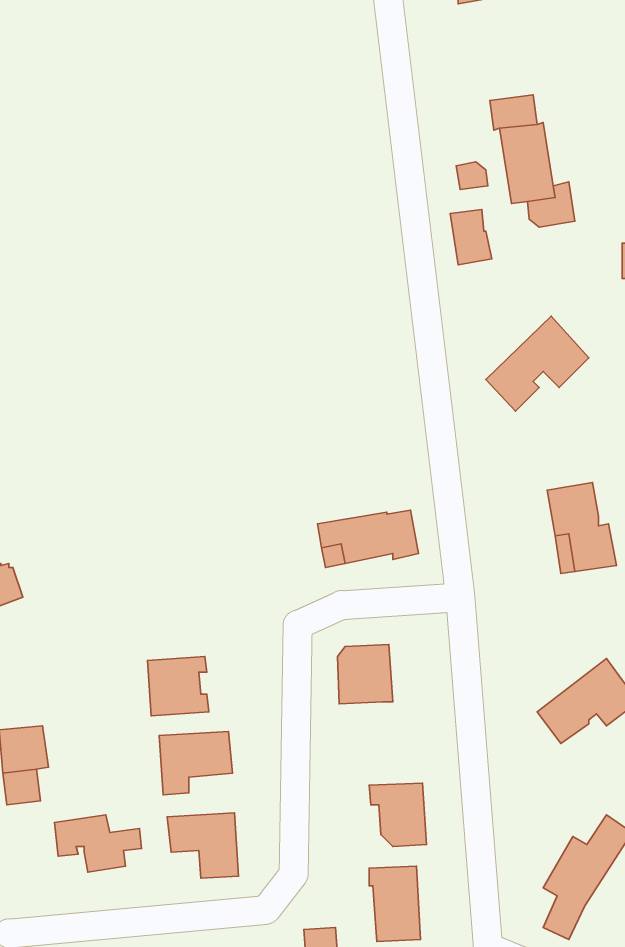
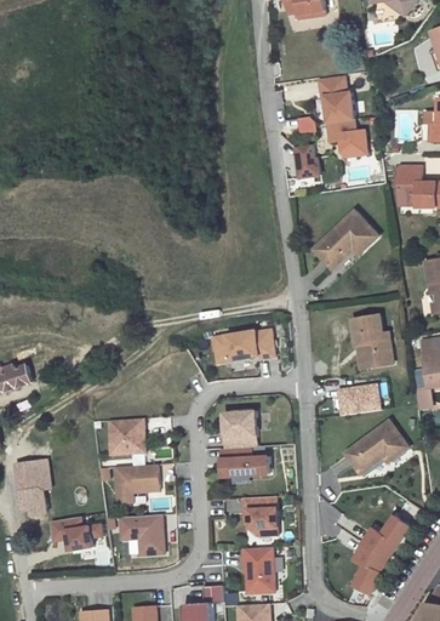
building: none -> [336,384,378,414]
building: none -> [222,446,270,474]

